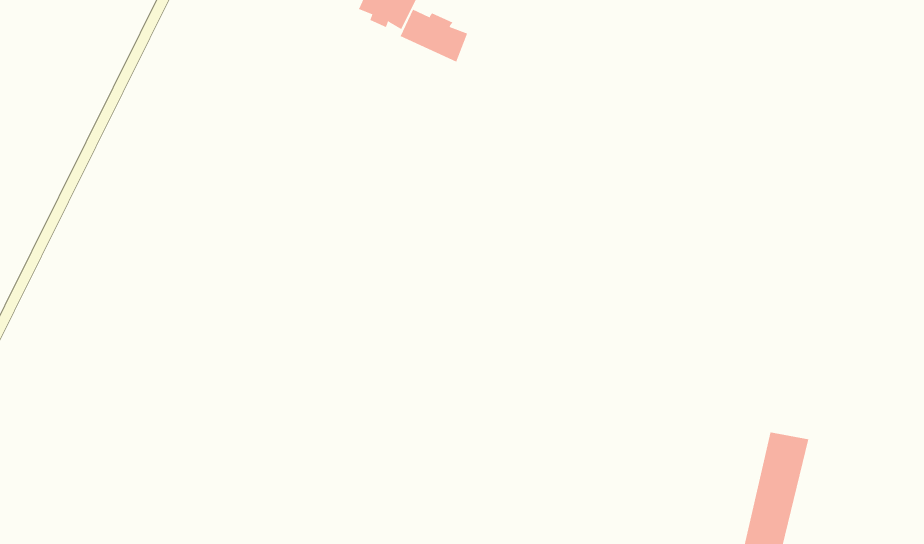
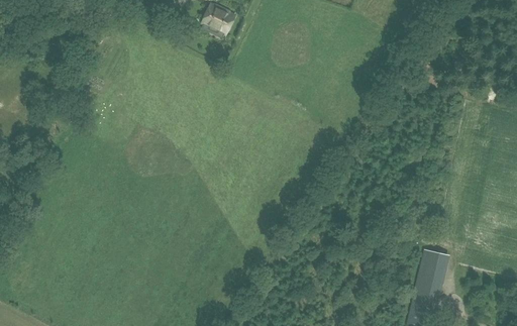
building: [400,9,468,62] -> none

